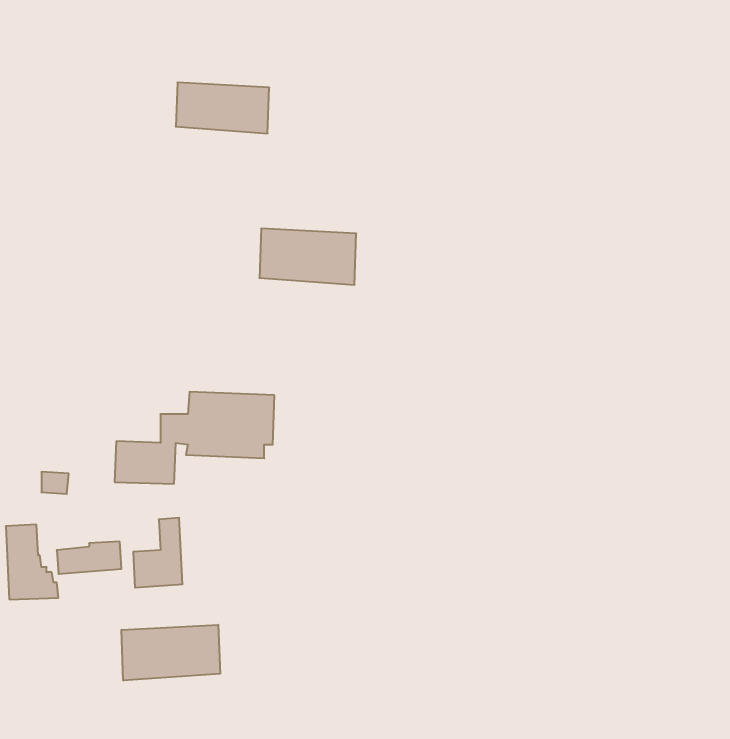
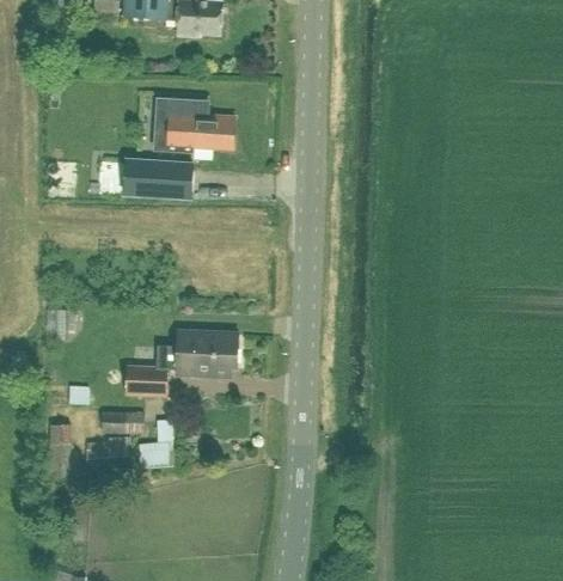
building: [259,229,356,285] -> [123,159,191,198]
building: none -> [102,411,142,433]
building: [122,625,220,681] -> none

